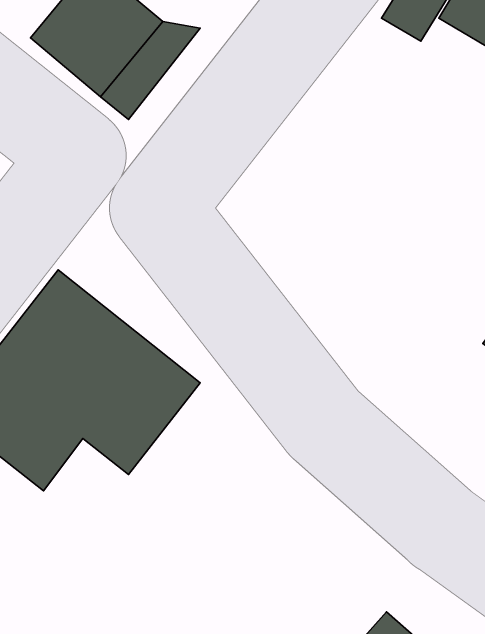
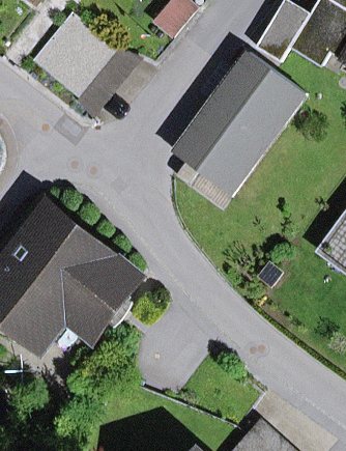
building: none -> [183,58,306,195]

